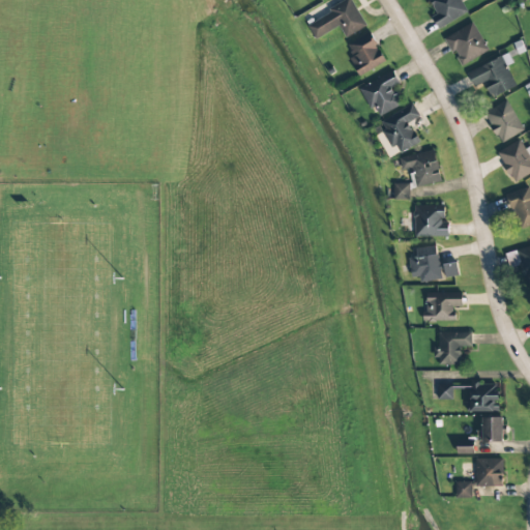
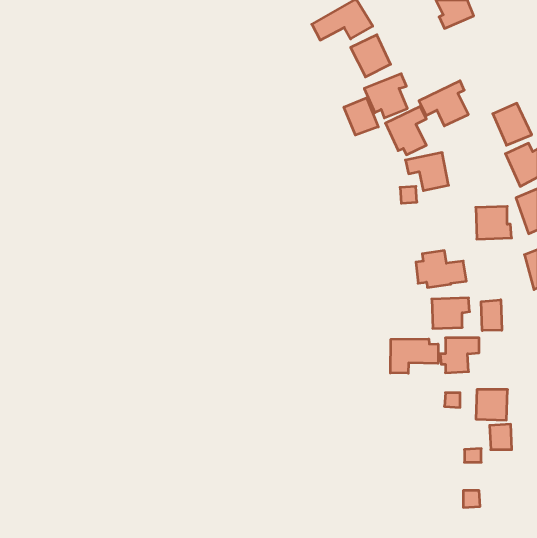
building: [446,23,490,66] -> none
building: [468,54,517,98] -> [419,81,468,126]
building: none -> [344,98,378,135]
building: [414,205,449,237] -> [476,206,512,239]
building: none -> [481,300,502,331]
building: none -> [390,339,438,373]
building: [475,459,504,487] -> none

